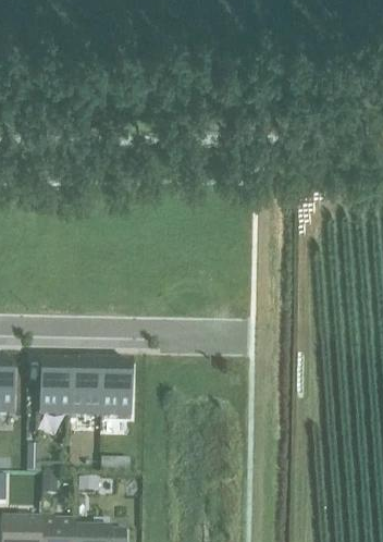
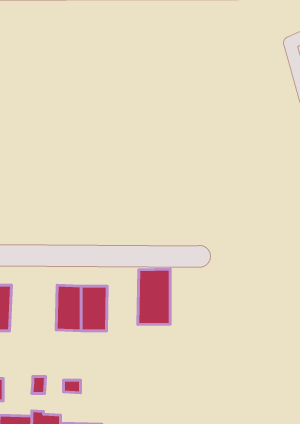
building: none -> [138,269,170,325]
building: [39,364,72,419] -> none

